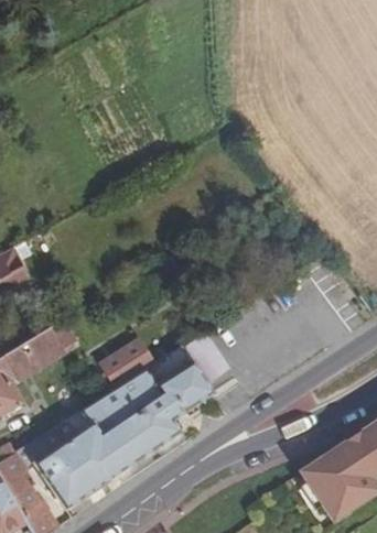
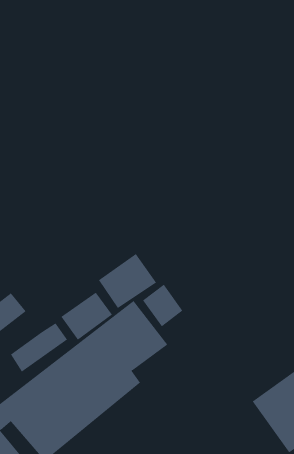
building: none -> [98,253,157,309]
building: none -> [10,323,68,372]

